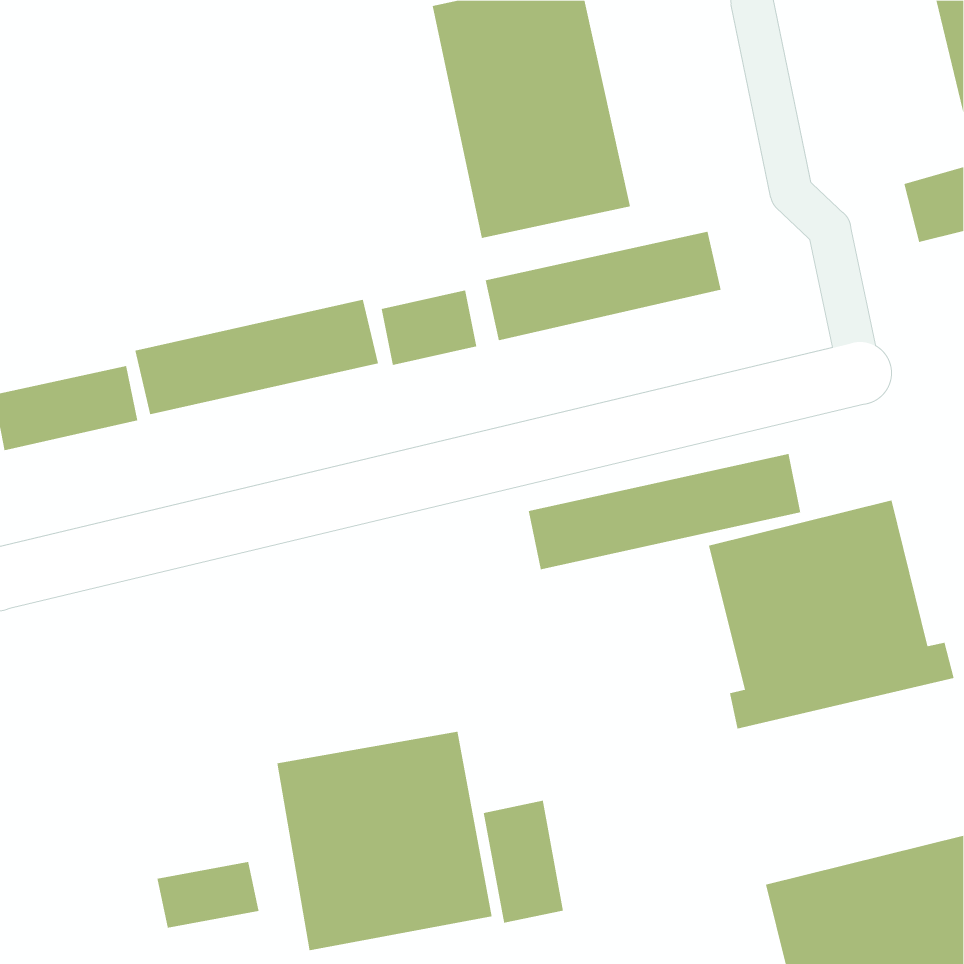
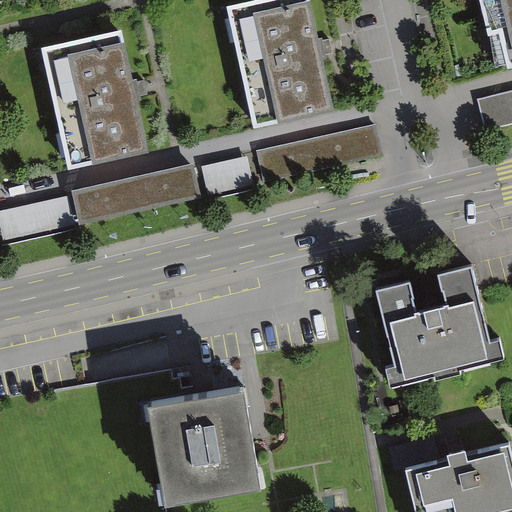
building: none -> [43,31,148,169]
building: [528,453,801,570] -> none
building: [483,800,564,924] -> none
building: [157,861,259,928] -> none

